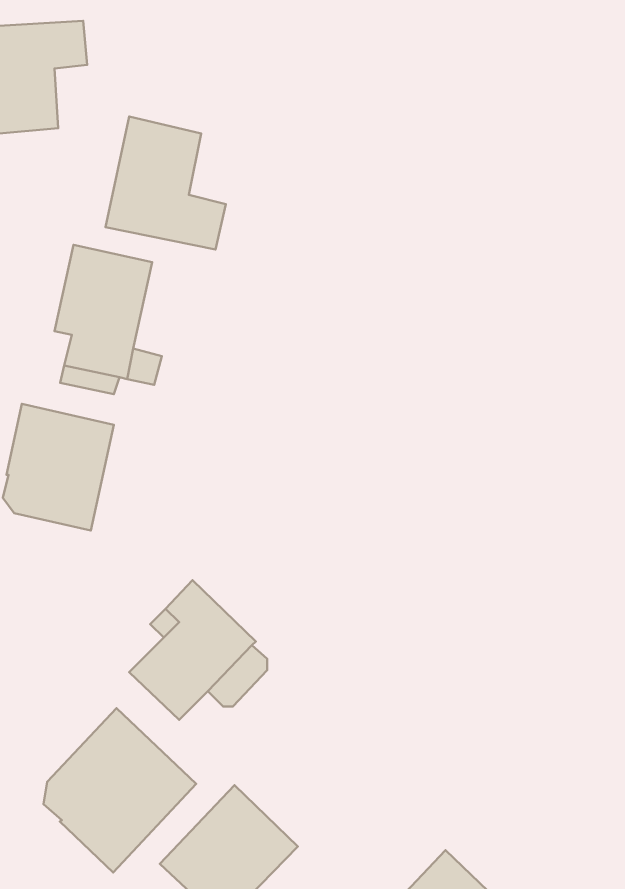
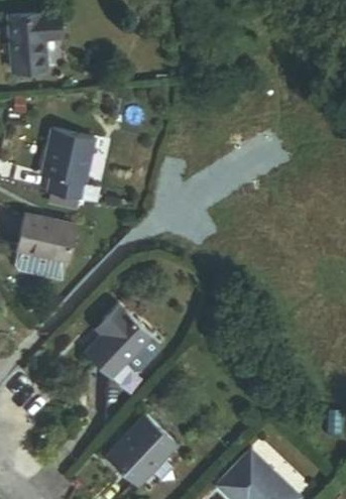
building: [105,117,226,250] -> none
building: [44,708,196,873] -> none

